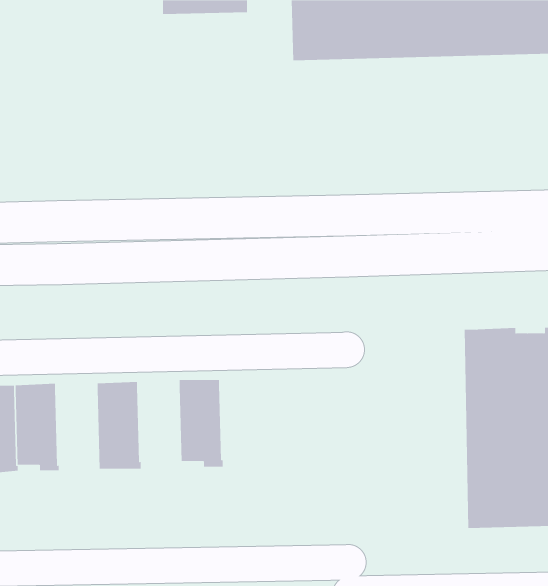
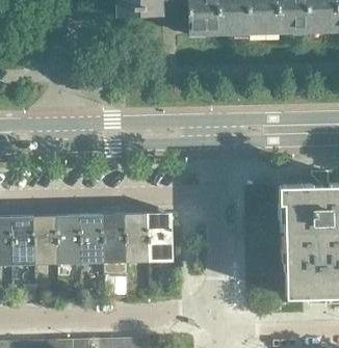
building: none -> [148,213,173,262]
building: none -> [102,214,127,263]
building: none -> [56,216,80,265]

